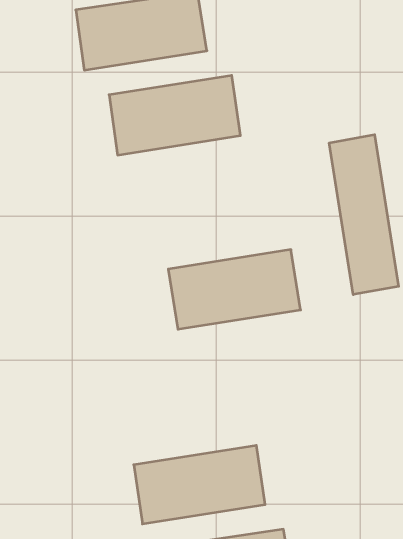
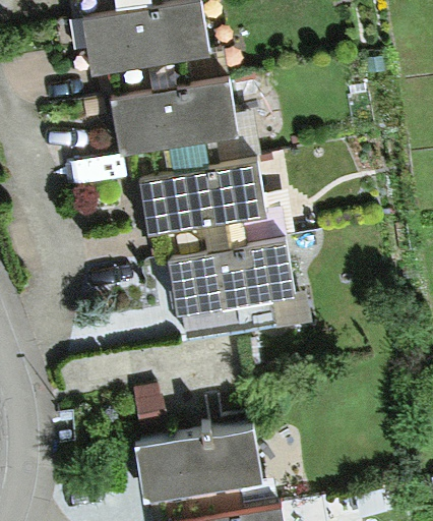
building: [329,135,399,295] -> none
building: none -> [140,161,265,235]

